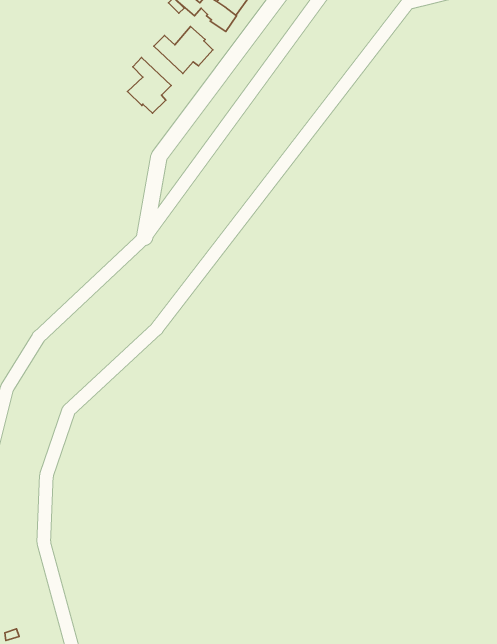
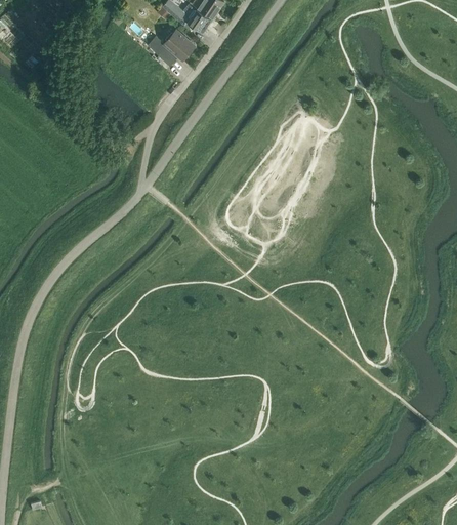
building: [128,57,171,113] -> none

